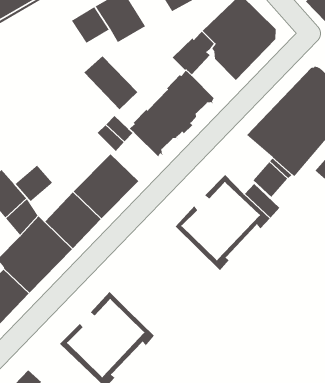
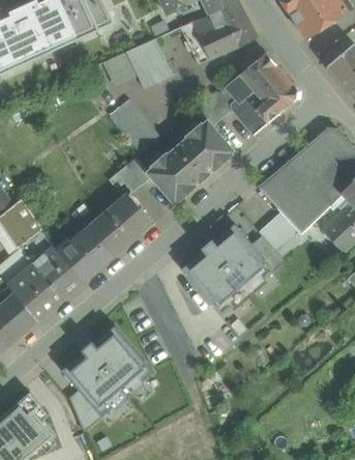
building: [14,165,53,202] -> none
building: none -> [189,232,264,305]
building: none -> [69,334,143,406]

